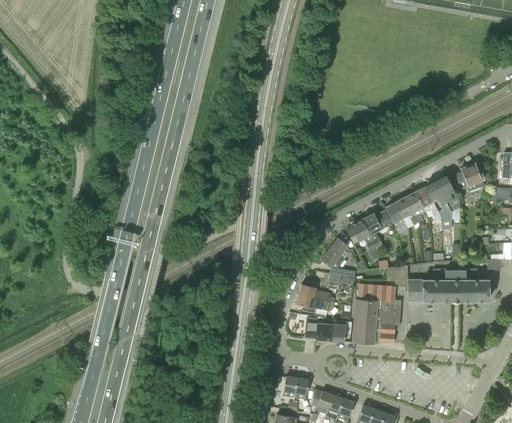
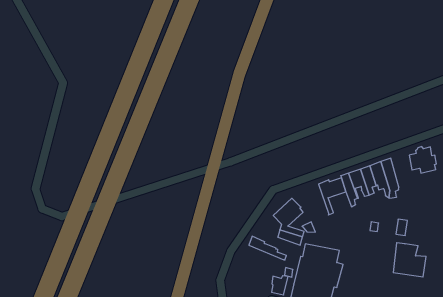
building: [435,175,459,213] -> none
building: [345,219,378,254] -> none
building: [386,265,455,301] -> none
building: [296,294,338,313] -> none
building: [305,318,330,340] -> none

